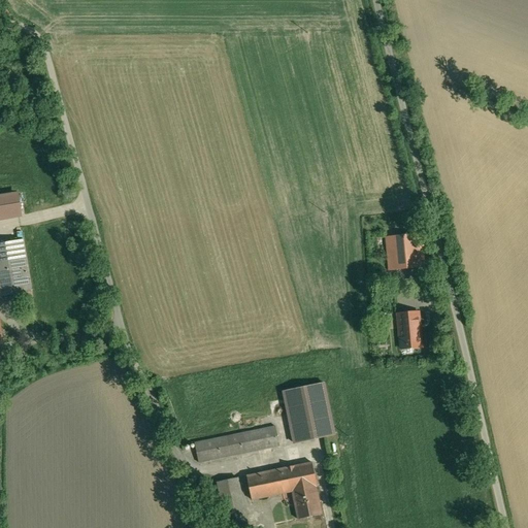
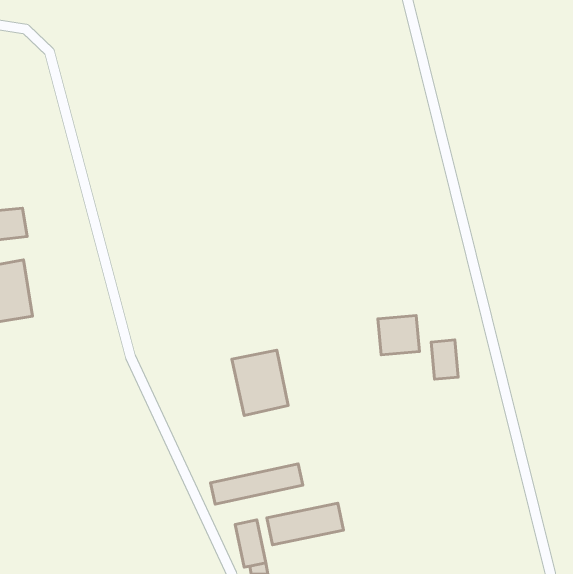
building: [385,233,423,269] -> [378,315,419,355]
building: [280,383,332,442] -> [232,350,288,416]
building: [290,486,320,519] -> none

